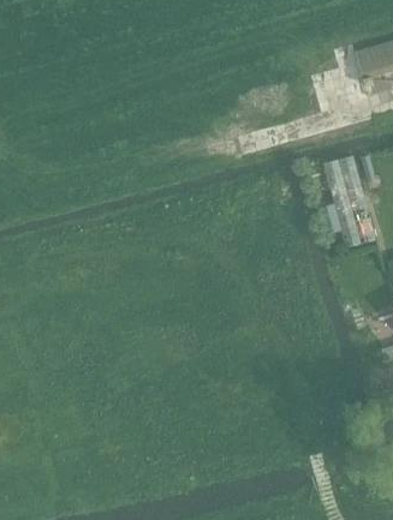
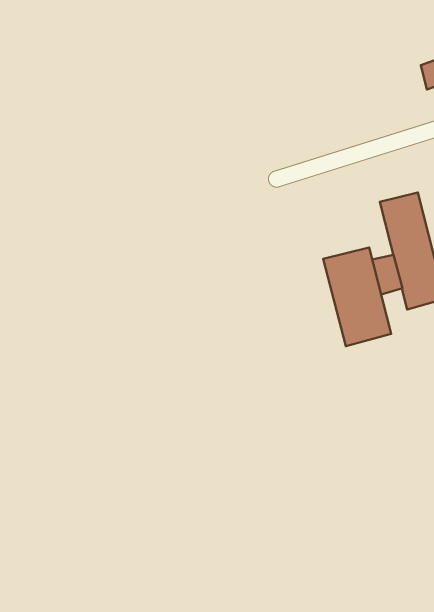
building: none -> [323,248,391,346]

